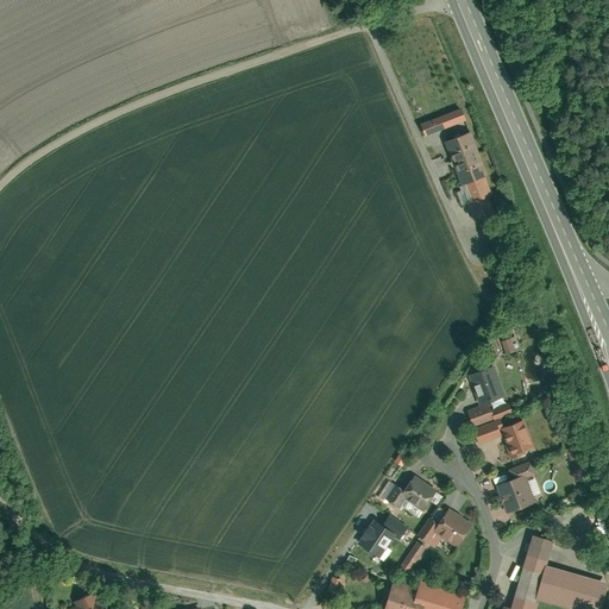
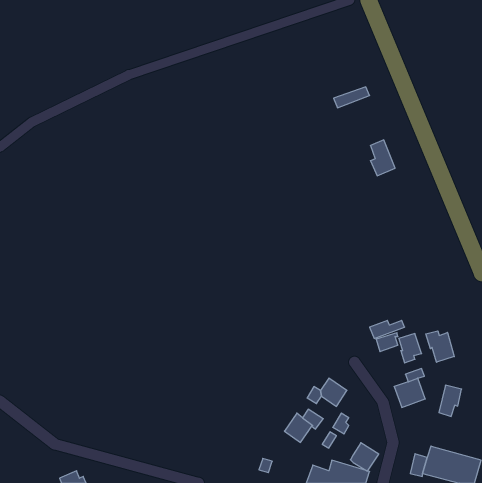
building: [446,133,486,184] -> none
building: [467,365,502,403] -> none
building: none -> [426,331,454,362]
building: [435,510,471,546] -> [350,443,379,471]
building: [522,536,551,576] -> [439,385,462,416]

